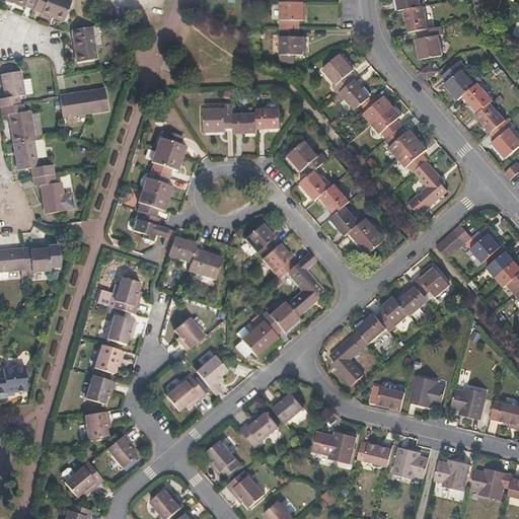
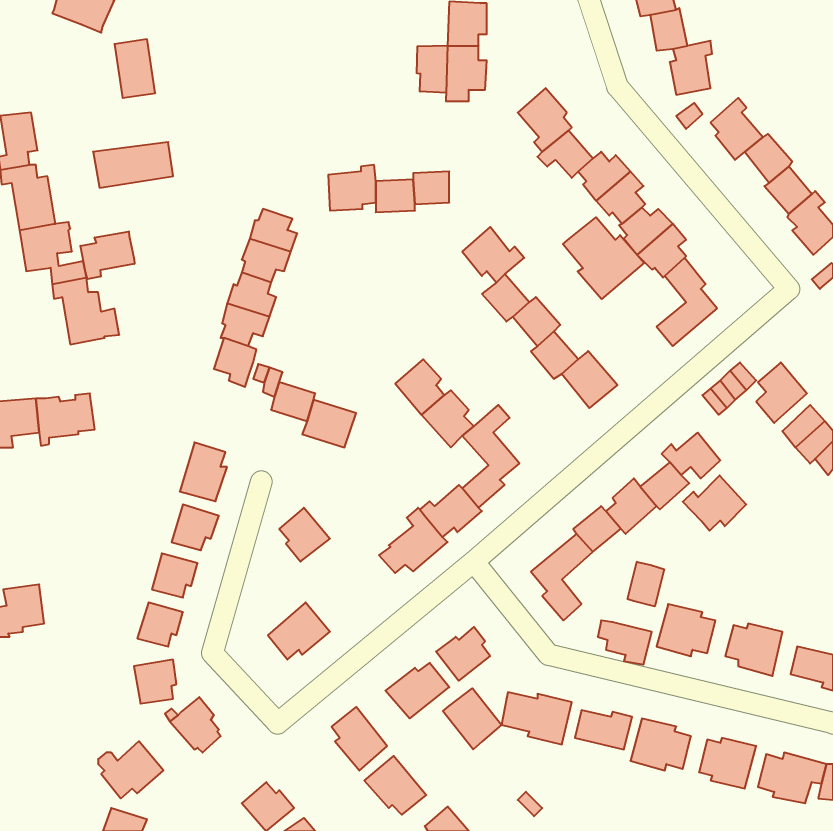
building: none -> [417,45,448,93]
building: none -> [563,217,644,299]
building: none -> [80,231,134,279]
building: none -> [683,475,746,531]
building: none -> [628,562,664,606]
building: [196,354,227,393] -> none
building: none -> [443,688,501,749]

